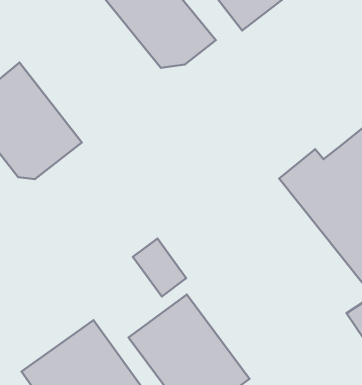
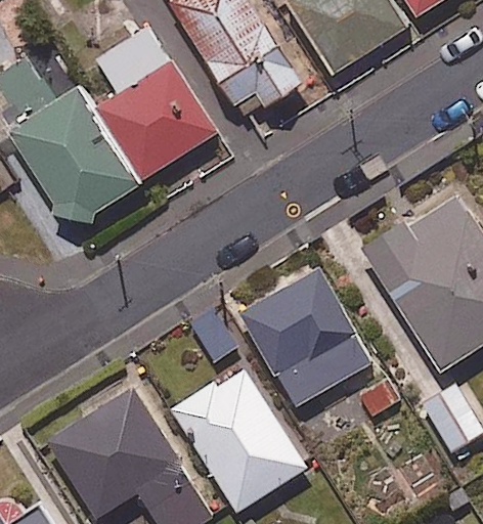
building: none -> [93,26,217,177]
building: none -> [238,268,371,408]

